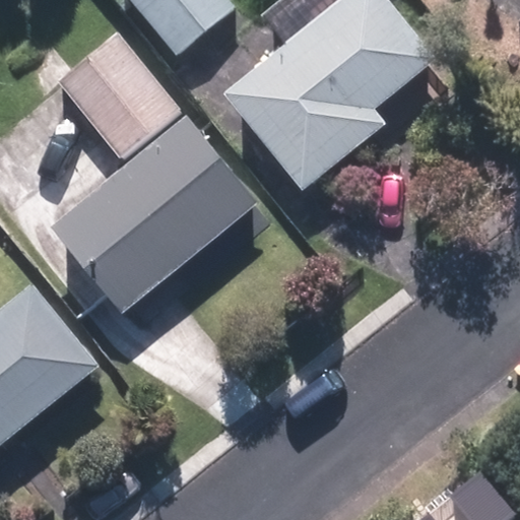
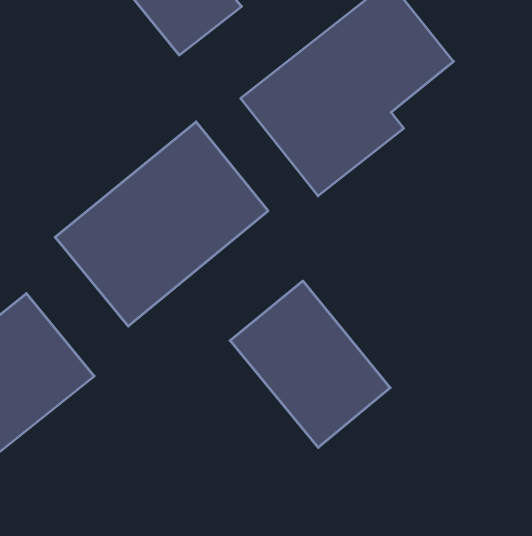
building: [56,29,177,153] -> none
building: none -> [230,281,390,448]

